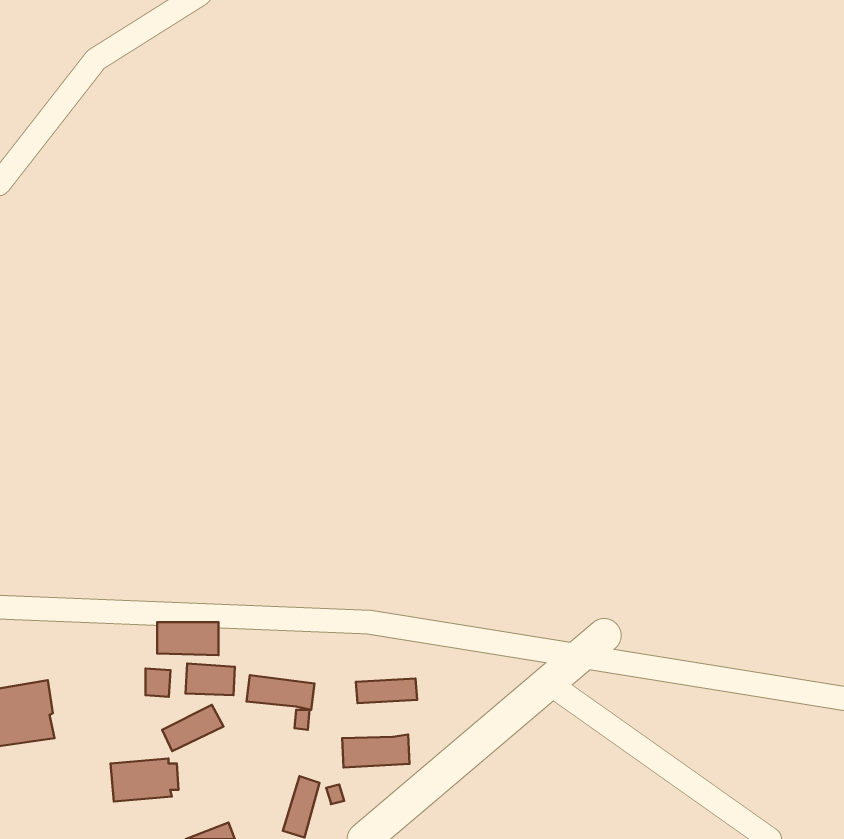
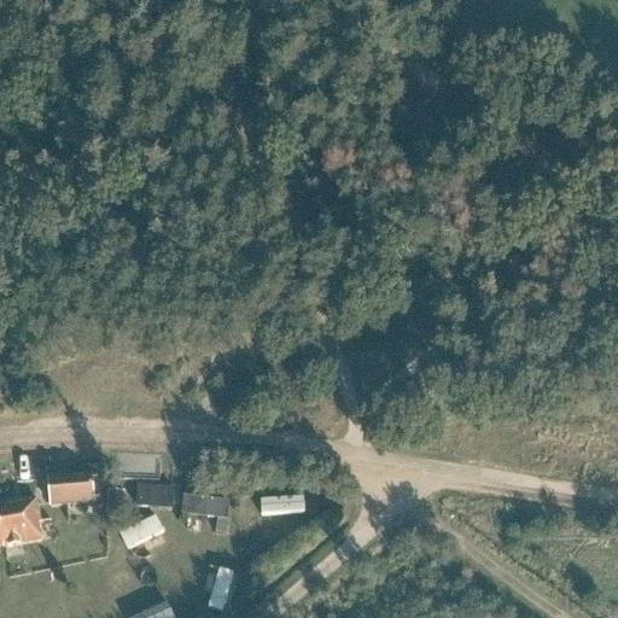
building: [342,734,410,768] -> none
building: [111,758,178,801] -> [48,473,98,505]

